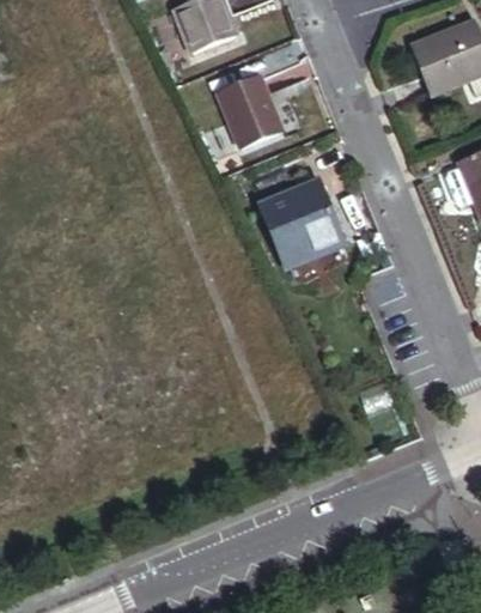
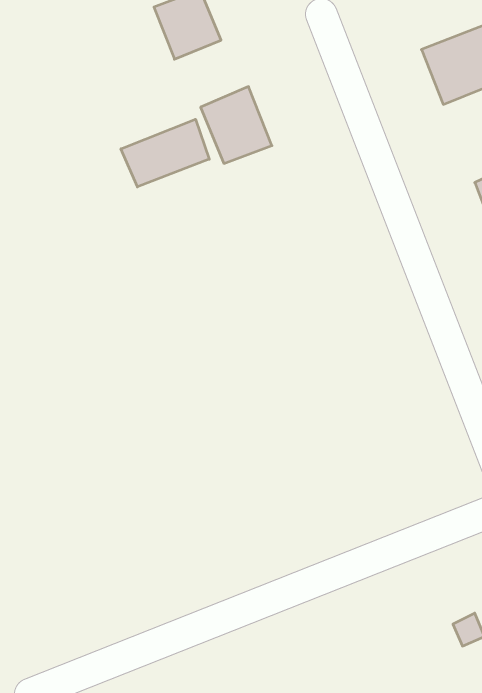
building: none -> [121,119,209,187]
building: [263,181,343,260] -> none

